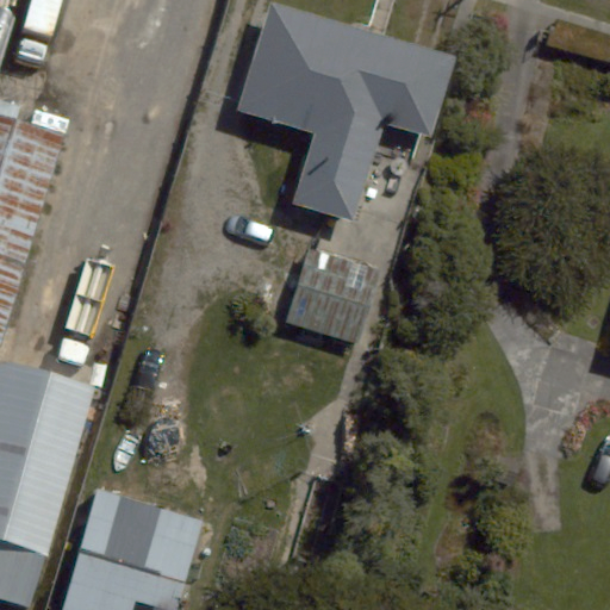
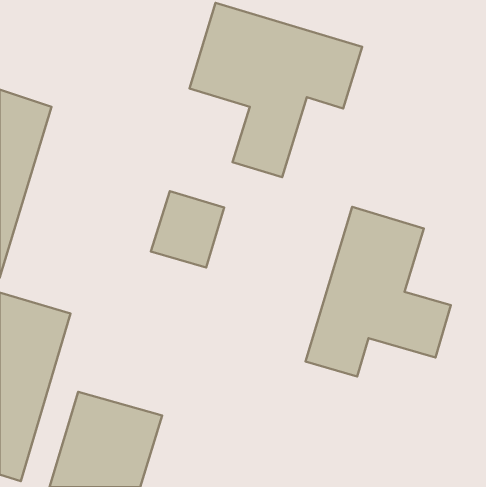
building: [285,245,376,341] -> [151,191,224,268]
building: none -> [306,207,451,377]

